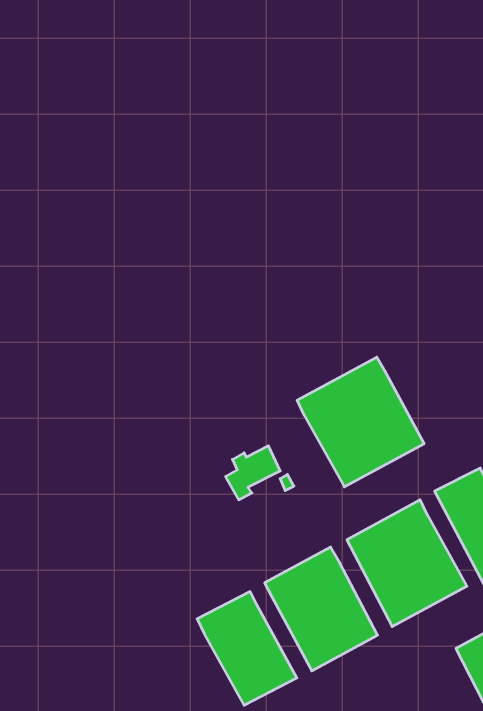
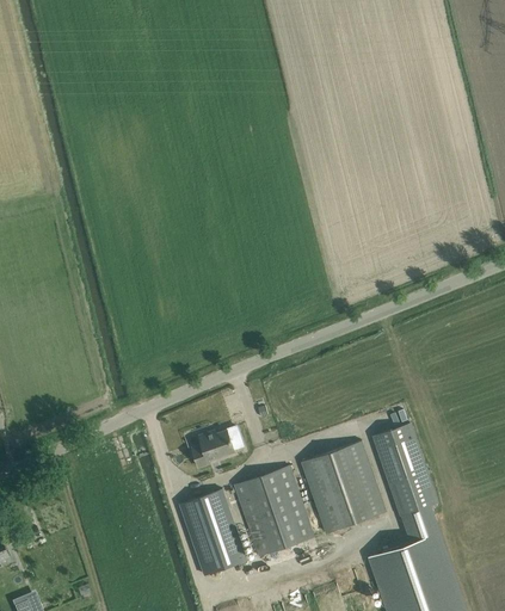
building: [297,357,424,487] -> none
building: [226,446,280,500] -> [191,431,233,468]

